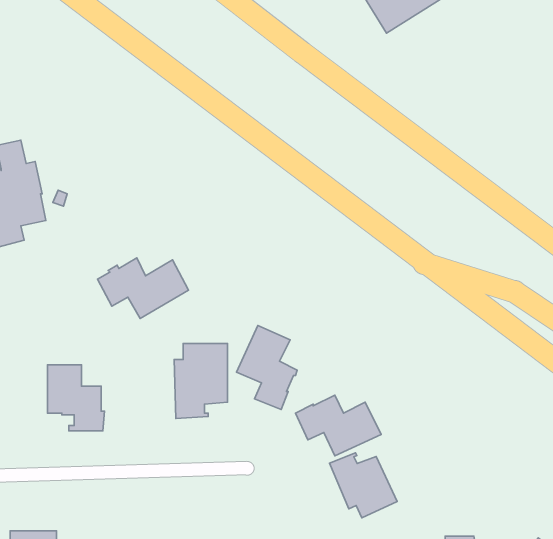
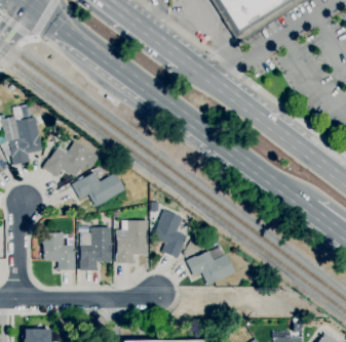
building: none -> [43,140,99,176]
building: none -> [80,226,111,270]
building: [330,453,397,518] -> none

